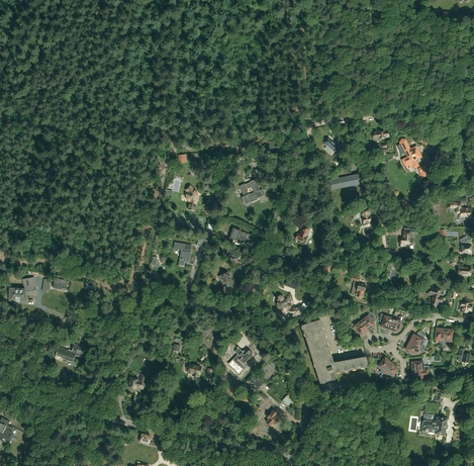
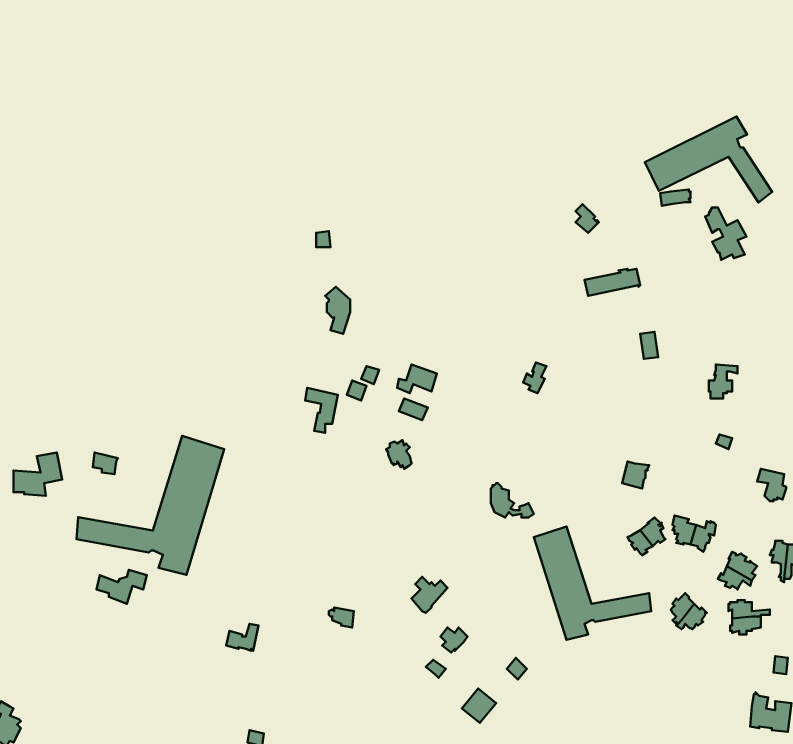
building: none -> [645,116,772,202]
building: [238,178,265,203] -> none
building: none -> [77,436,224,575]

